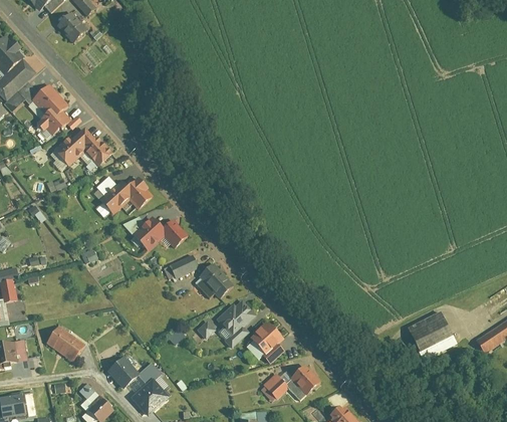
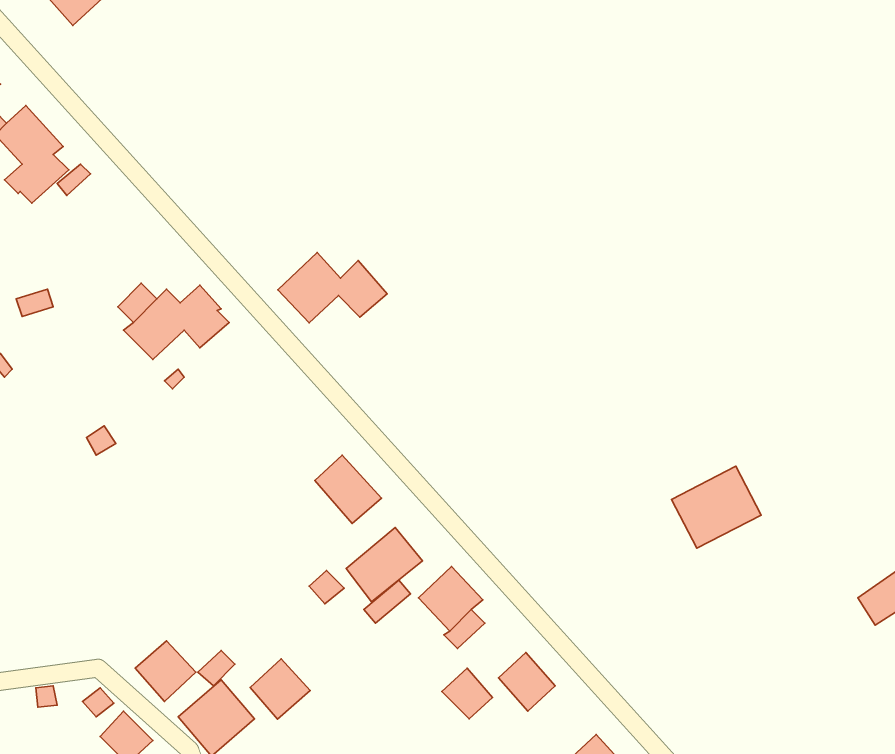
building: [55,125,113,165] -> none
building: [134,213,190,249] -> [278,253,387,323]
building: [170,252,200,277] -> none
building: [409,309,455,352] -> [672,466,761,548]
building: [45,326,83,362] -> none
building: none -> [250,659,310,719]

